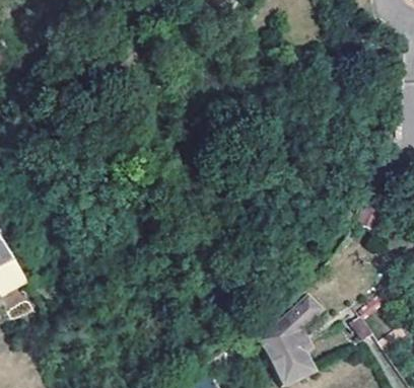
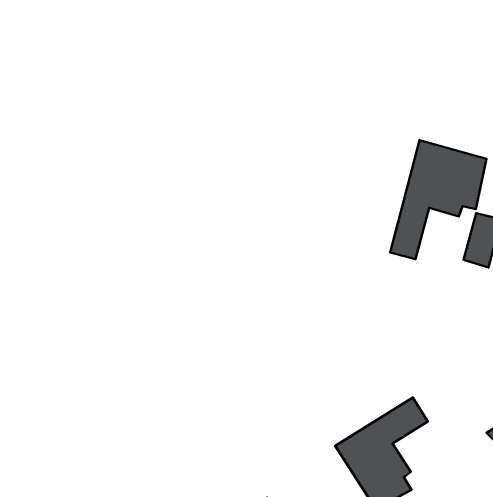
building: none -> [390,140,487,259]

